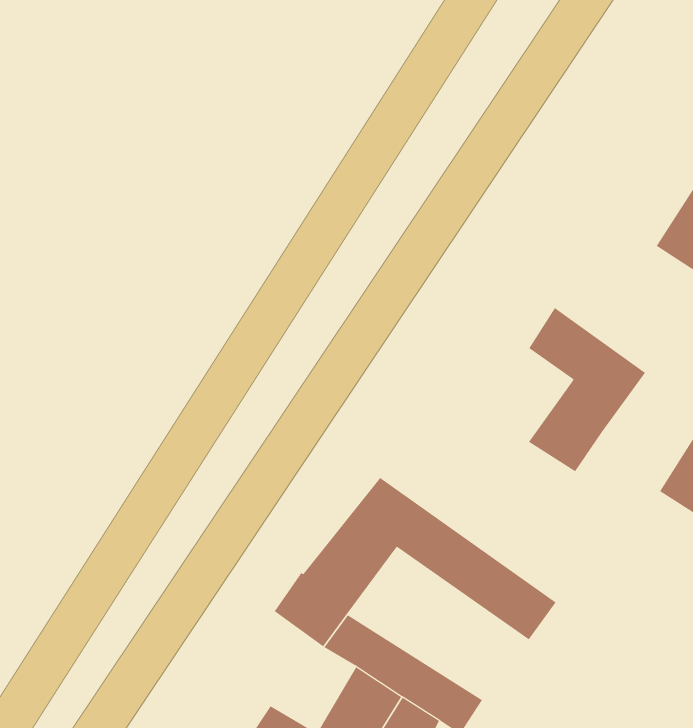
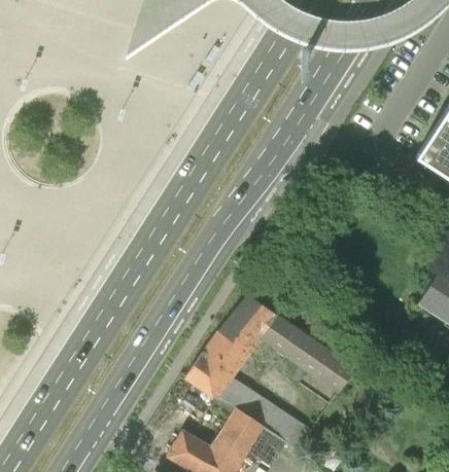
building: [528,307,646,472] -> none

